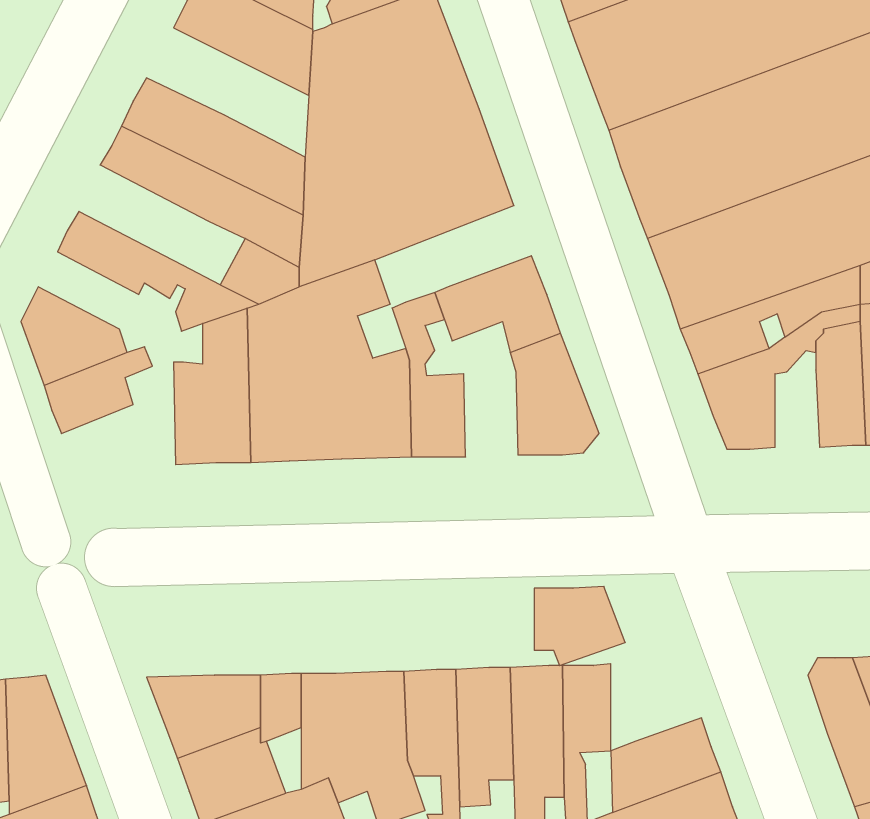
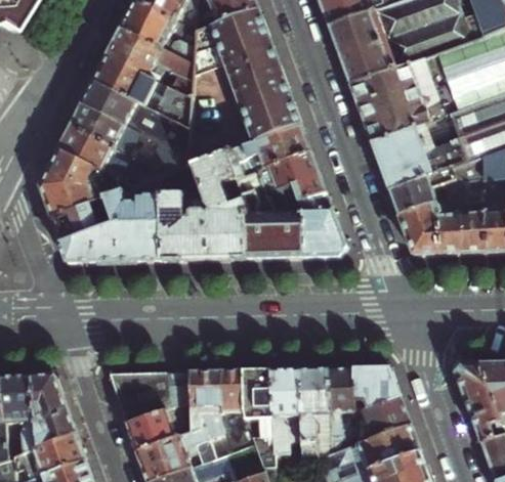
building: none -> [106,31,192,99]
building: none -> [70,103,138,157]
building: none -> [226,125,309,179]
building: none -> [48,149,104,190]
building: none -> [267,186,302,258]
building: none -> [60,193,125,263]
building: none -> [438,212,462,253]
building: [534,586,625,666] -> [351,366,399,408]

